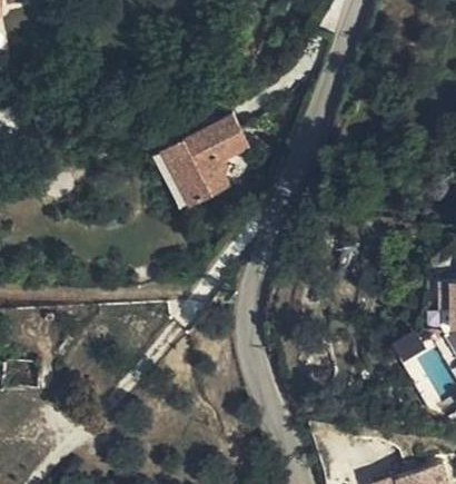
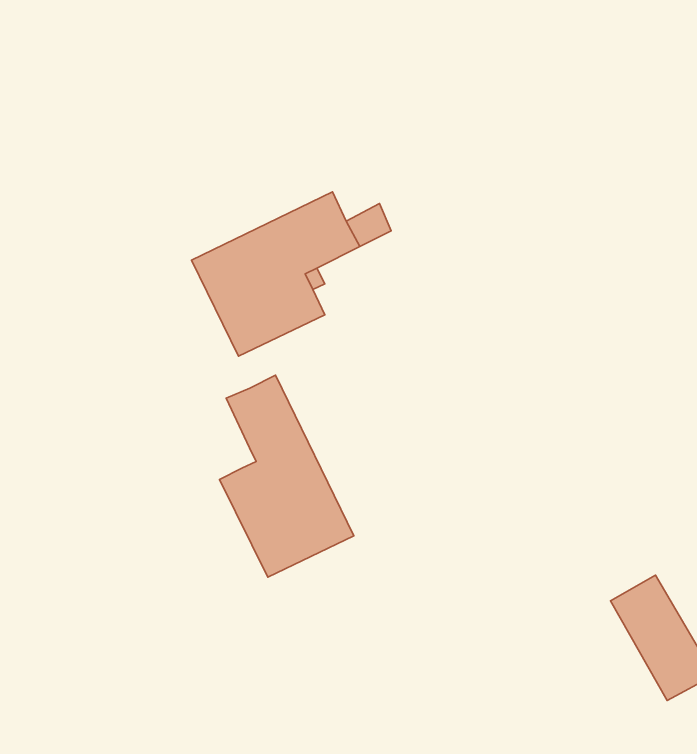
building: none -> [220,375,354,577]

